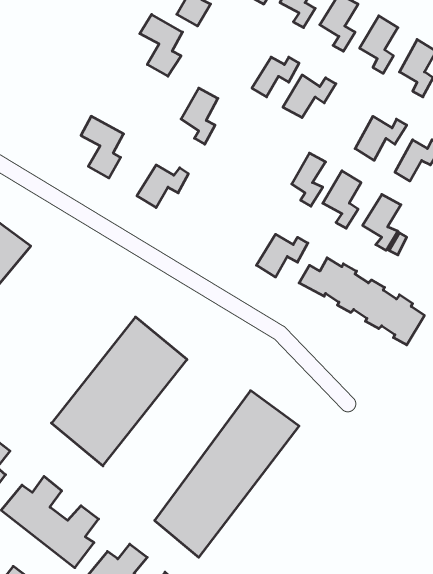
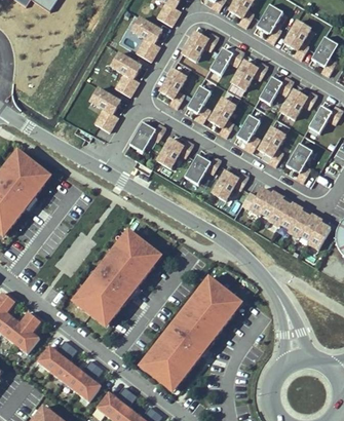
building: none -> [181,31,217,61]
building: none -> [110,52,140,97]
building: none -> [258,76,292,104]
building: none -> [186,85,209,122]
building: none -> [208,98,234,137]
building: none -> [156,138,192,168]
building: none -> [184,154,220,184]

